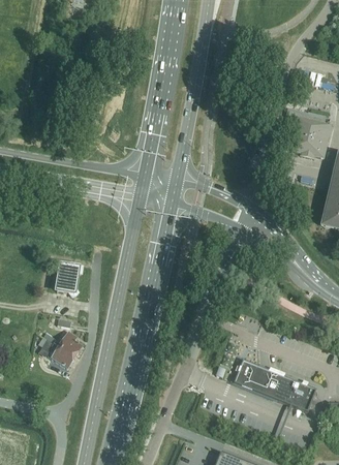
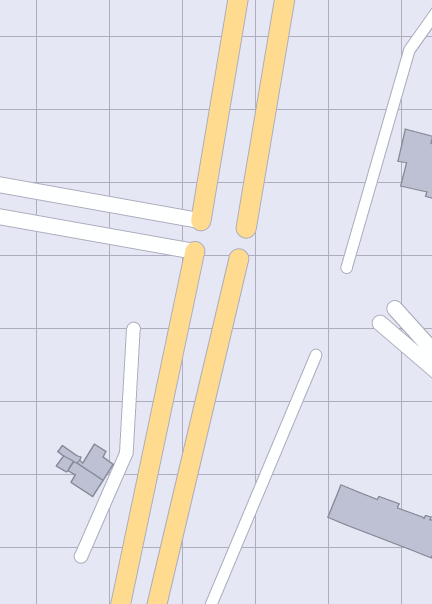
building: [55,264,82,296] -> none

